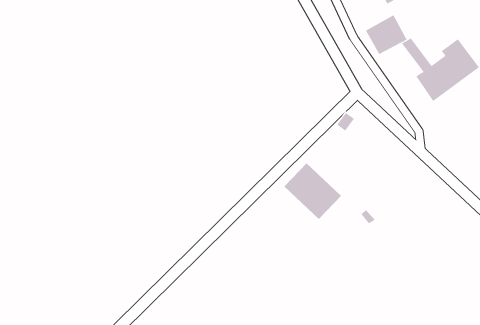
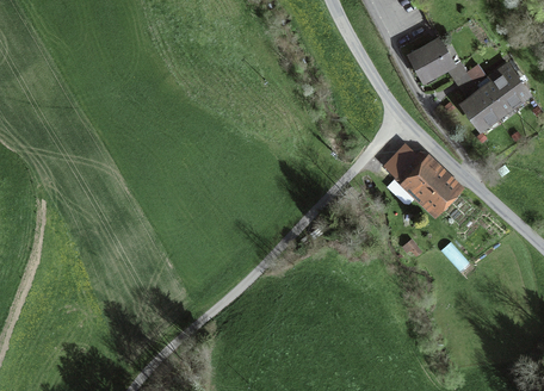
building: [283,162,342,220] -> [396,155,457,215]

